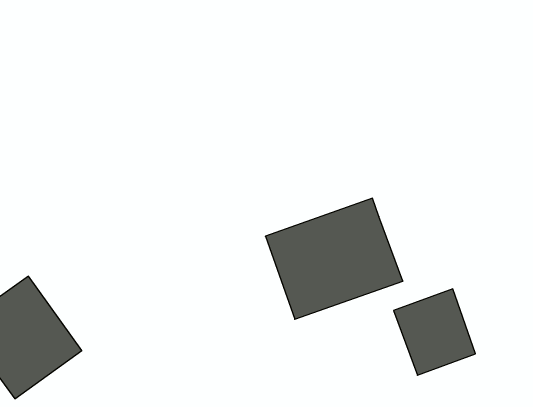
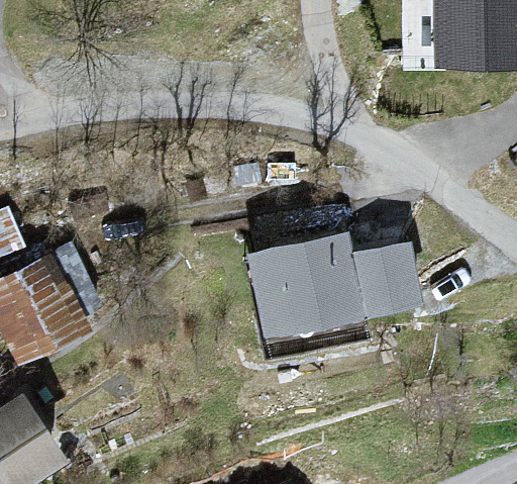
building: [394,289,475,375] -> [352,247,415,314]

